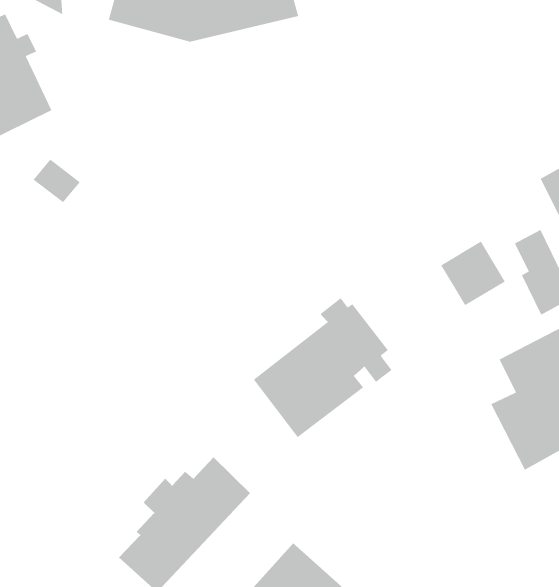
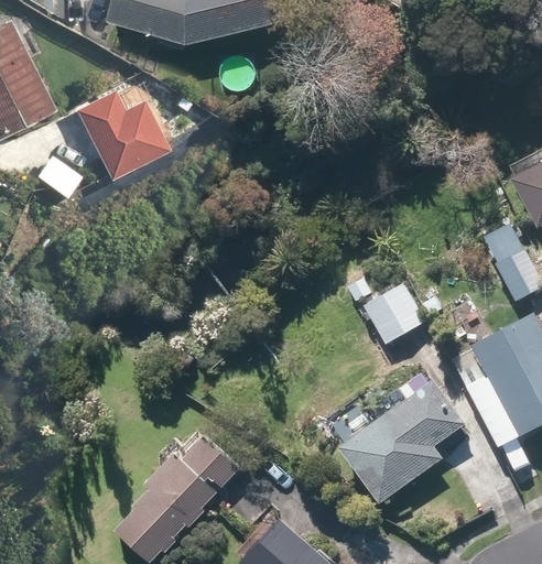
building: none -> [73,87,170,178]
building: [440,241,506,306] -> [364,281,425,343]
building: [253,297,392,438] -> [338,371,469,503]

